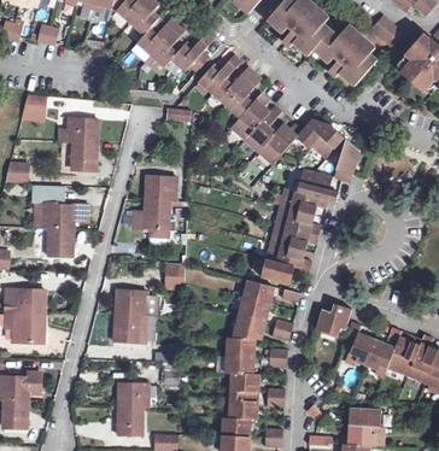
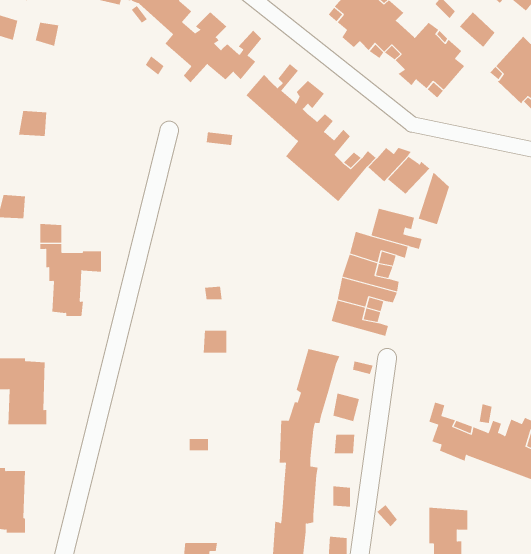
building: [58,117,98,171] -> none
building: [130,176,176,235] -> none
building: [264,260,312,286] -> none
building: [112,289,146,341] -> none
building: [316,306,349,336] -> none
building: [117,381,148,435] -> none

